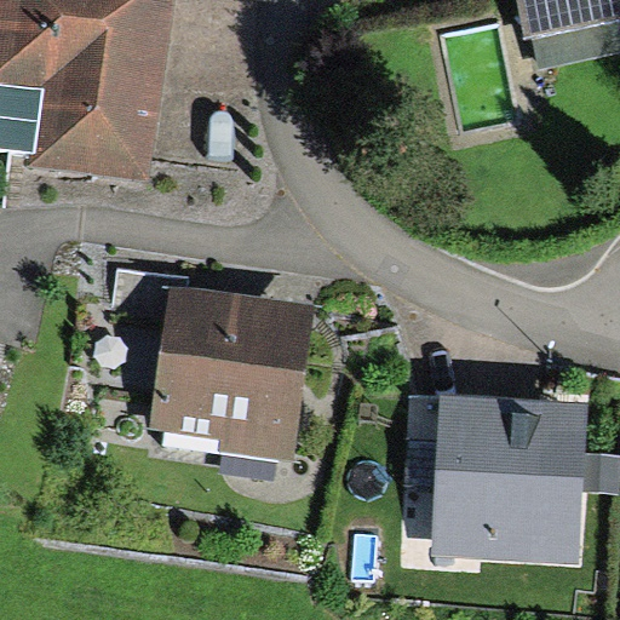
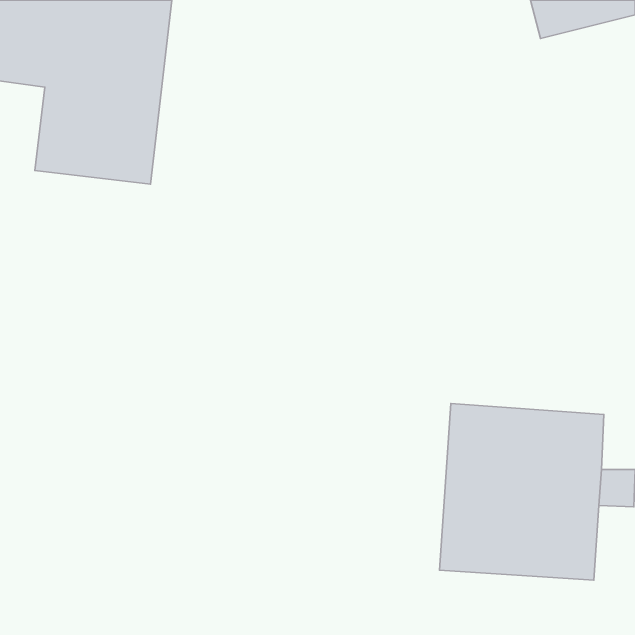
building: [111,272,314,460] -> none

